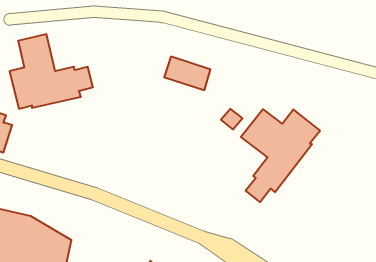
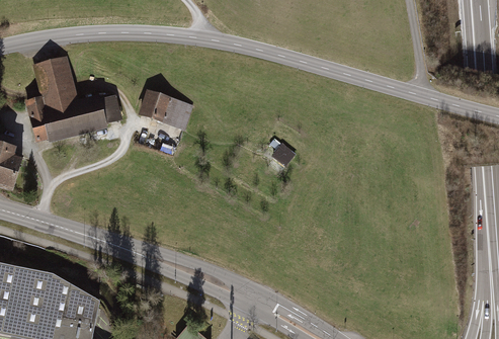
building: [164,57,210,90] -> [140,93,194,133]
building: [241,109,320,202] -> none

